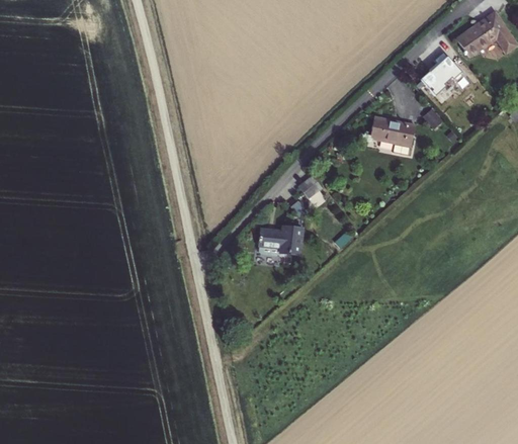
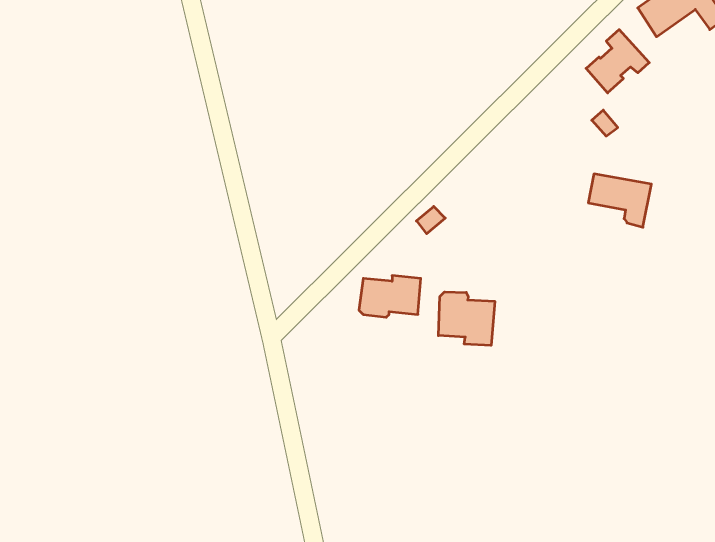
building: [369,117,414,155] -> [588,174,651,227]
building: none -> [438,292,495,345]

